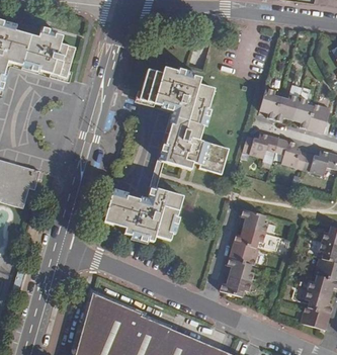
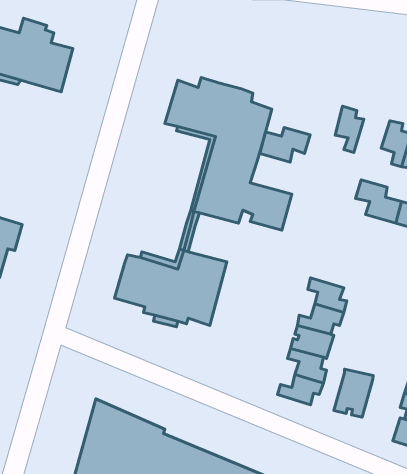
building: [272,95,298,123] -> none
building: [242,135,277,159] -> [260,128,310,162]
building: none -> [334,369,373,417]

